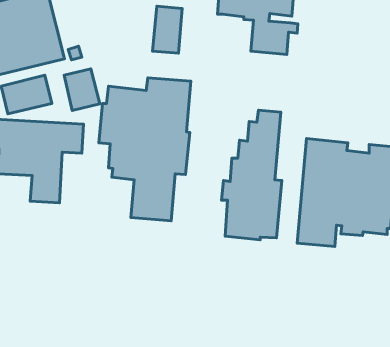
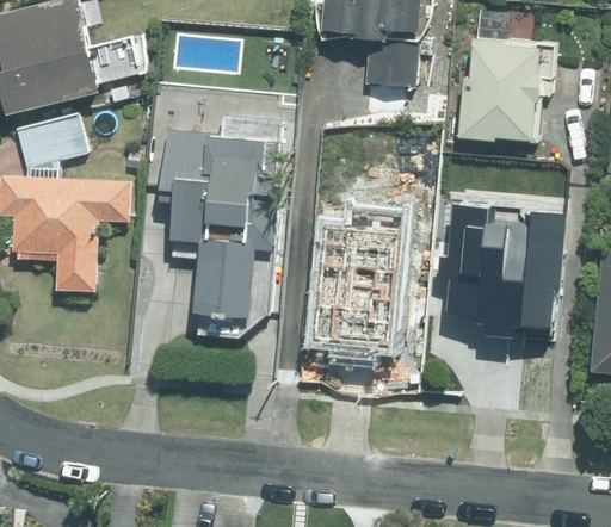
building: [153,6,182,53] -> none
building: none -> [458,38,550,143]
building: [64,69,100,111] -> none

